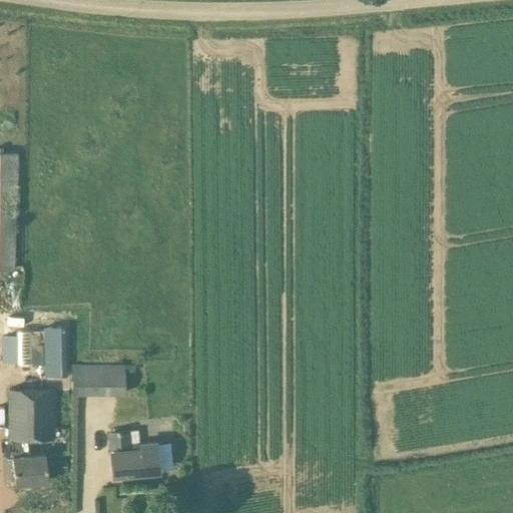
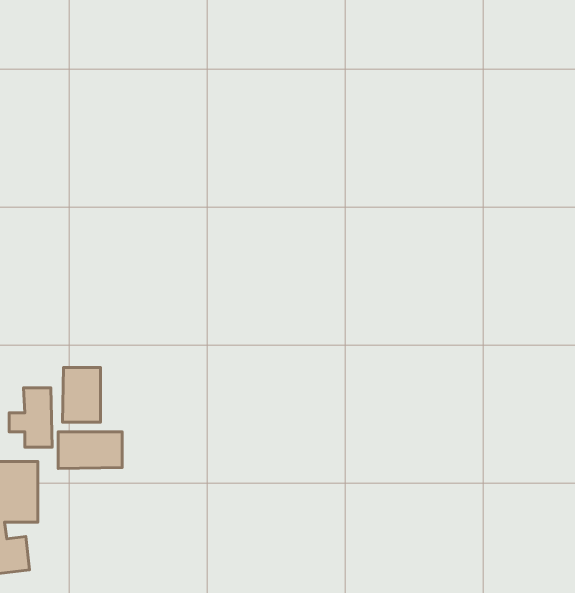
building: none -> [62,367,100,422]
building: [110,433,160,477] -> none

